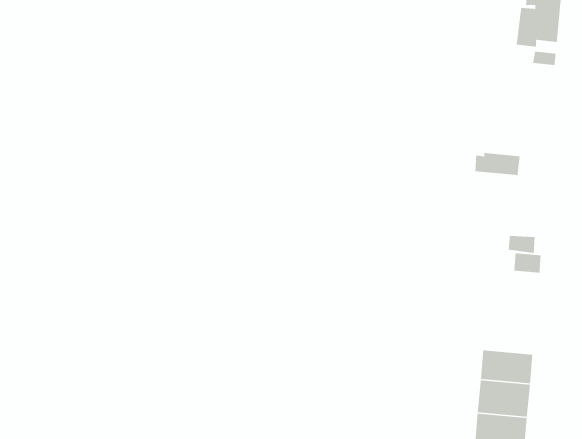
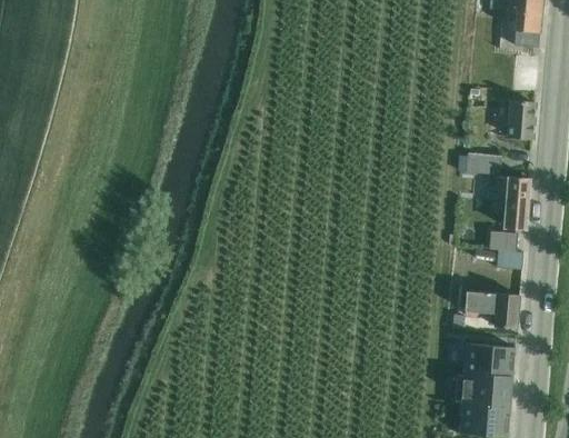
building: none -> [506,102,535,139]
building: none -> [495,176,529,229]
building: none -> [451,291,519,328]

